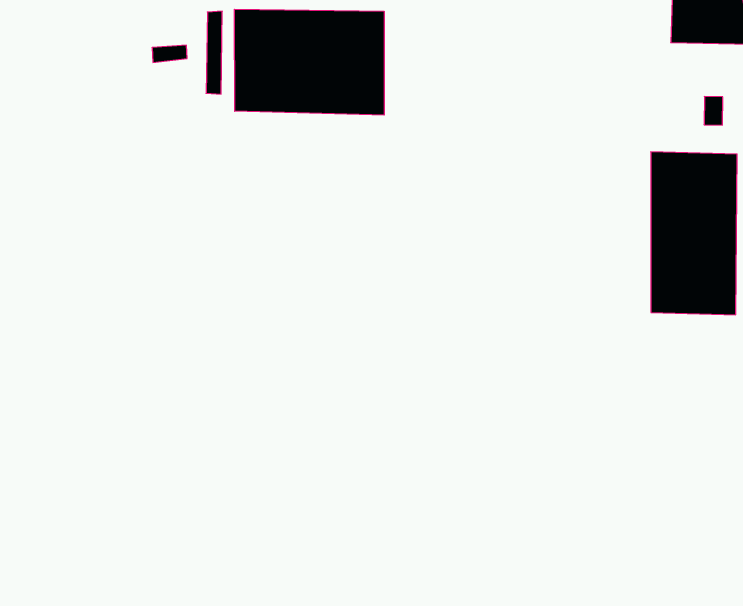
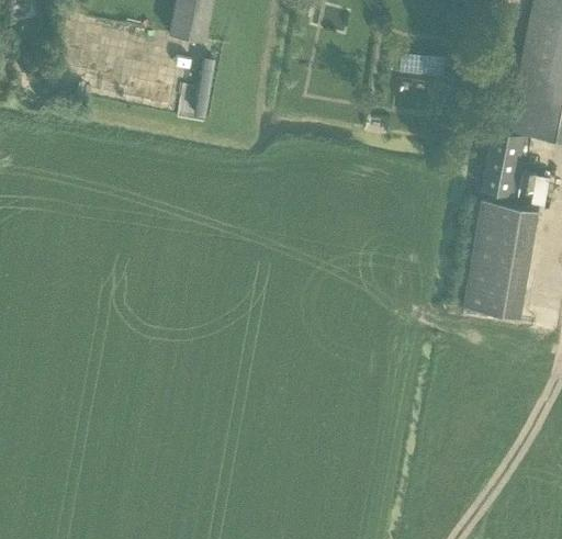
building: [235,9,384,115] -> none
building: none -> [482,132,526,199]

